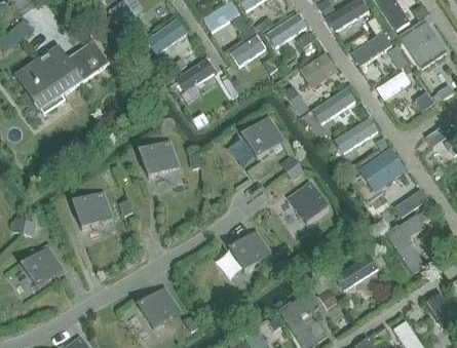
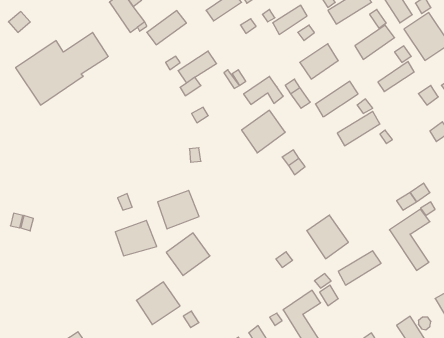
building: [231,35,270,63] -> [244,76,283,104]
building: [139,140,180,178] -> [158,190,199,229]
building: [359,149,407,193] -> none
building: [288,182,329,225] -> [307,215,348,259]
building: [72,191,113,226] -> [115,220,157,256]
building: [228,229,271,271] -> [166,233,210,276]
building: [21,246,64,288] -> none

